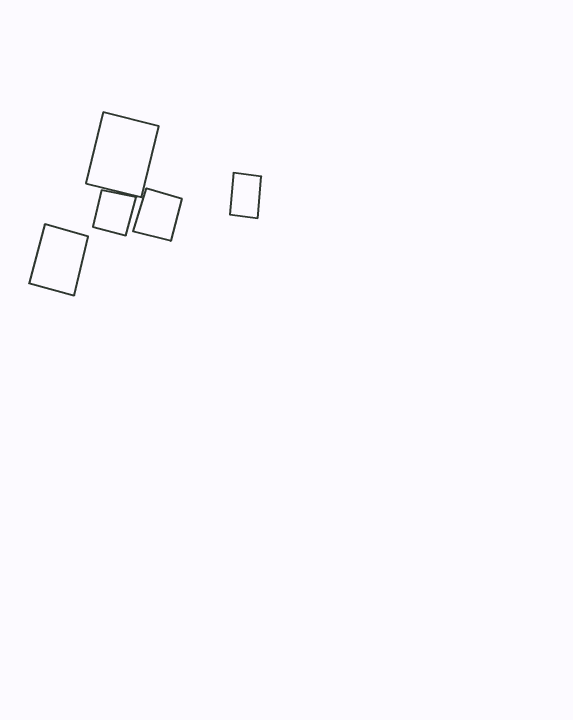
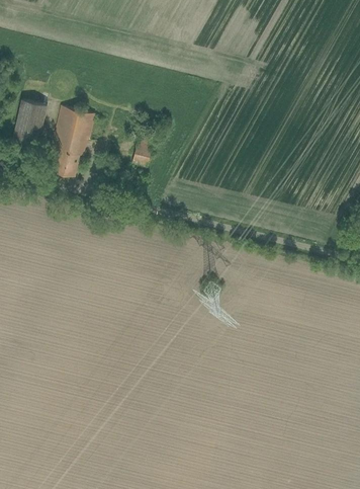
building: [133,188,182,241] -> none
building: [29,224,88,295] -> [12,102,47,144]

